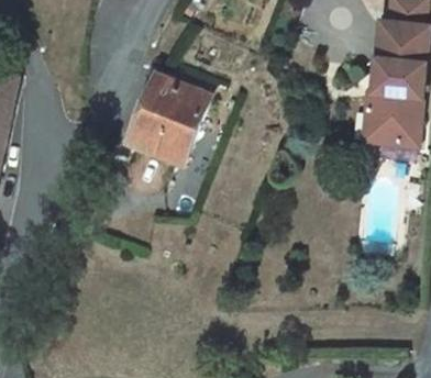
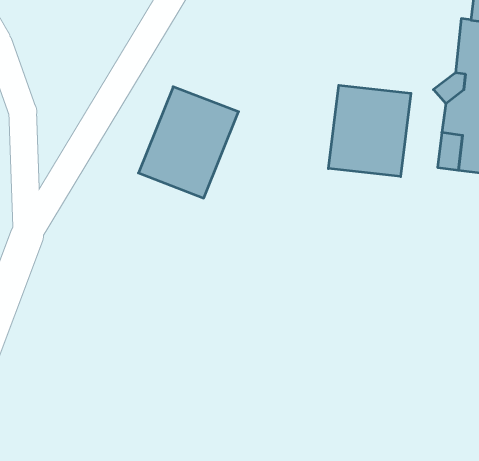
building: none -> [328,85,411,177]

